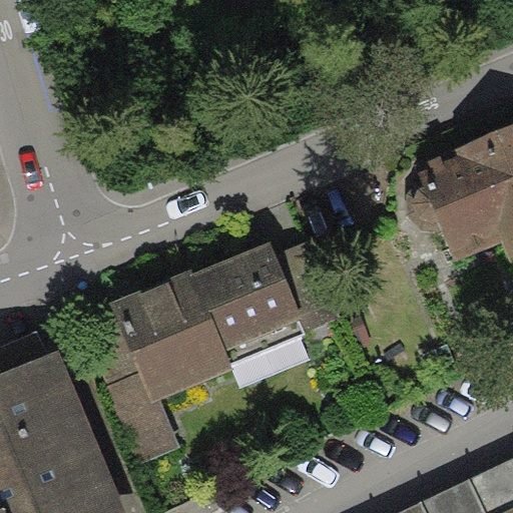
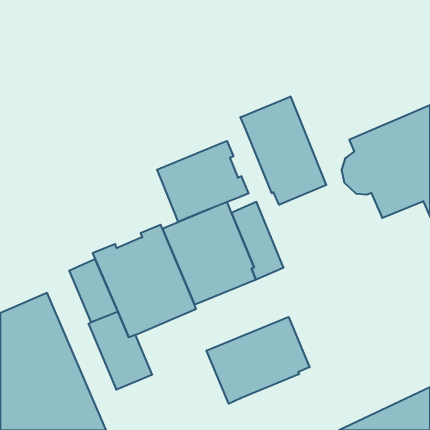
building: none -> [240,96,326,205]
building: none -> [157,141,249,222]
building: none -> [207,317,310,404]

